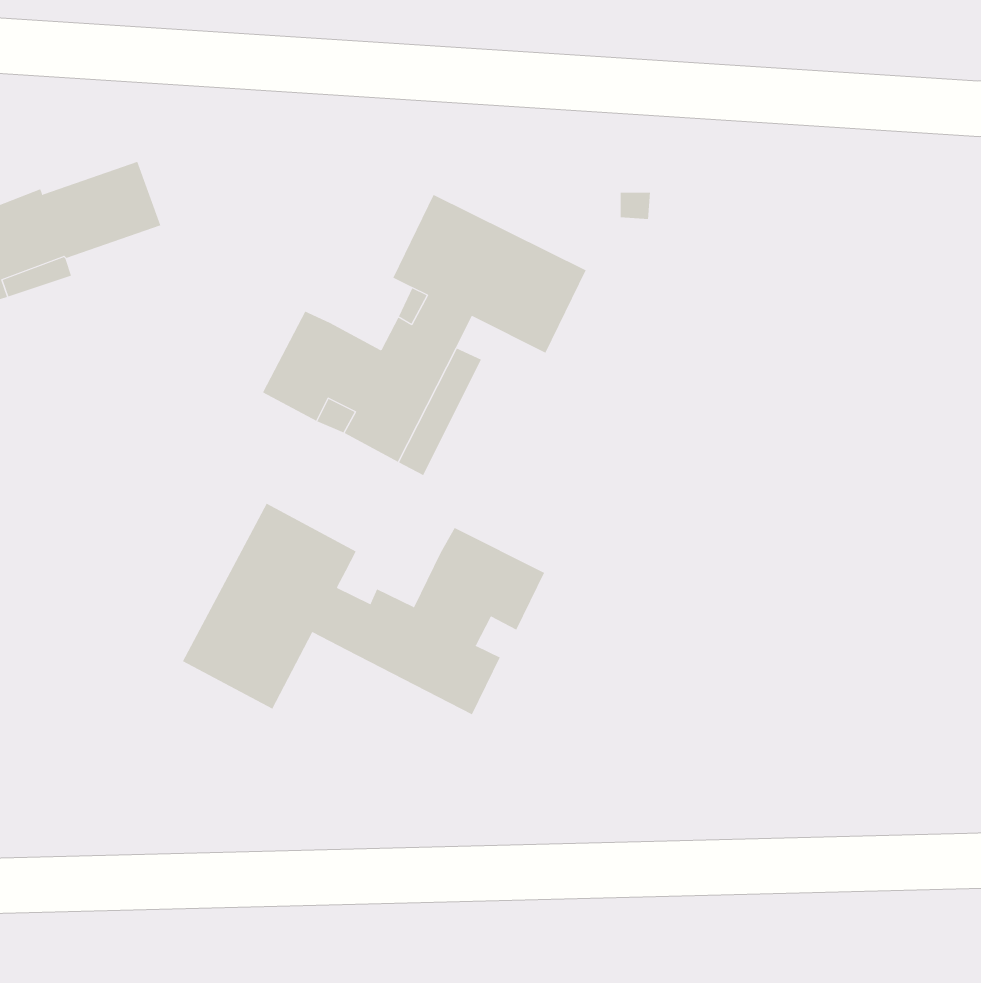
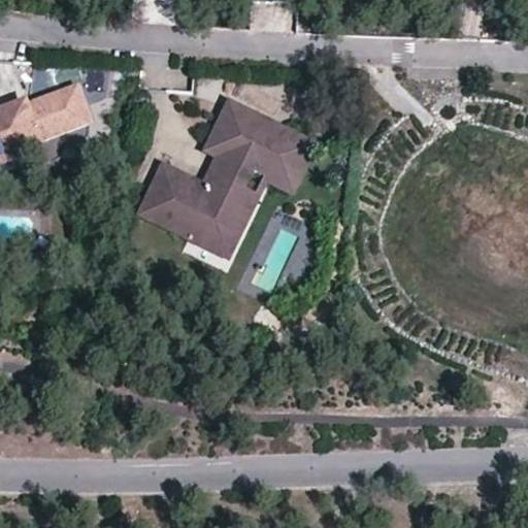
building: [182,503,545,715] -> none

